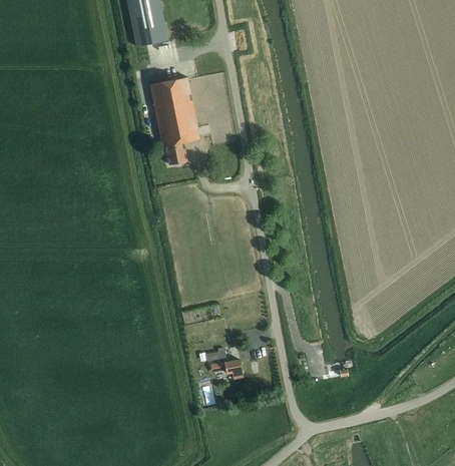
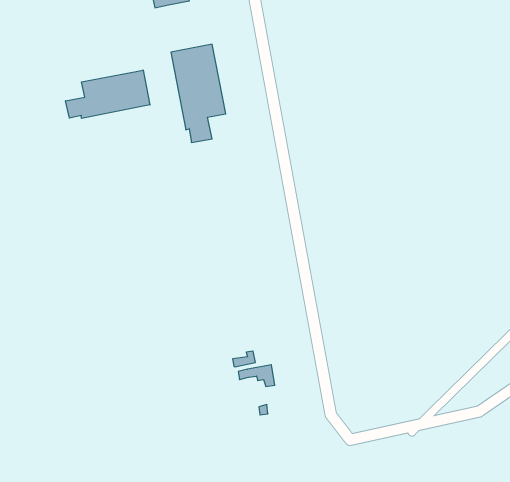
building: none -> [66,70,150,118]

